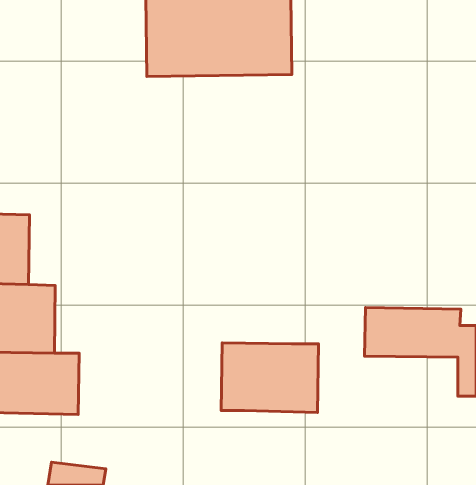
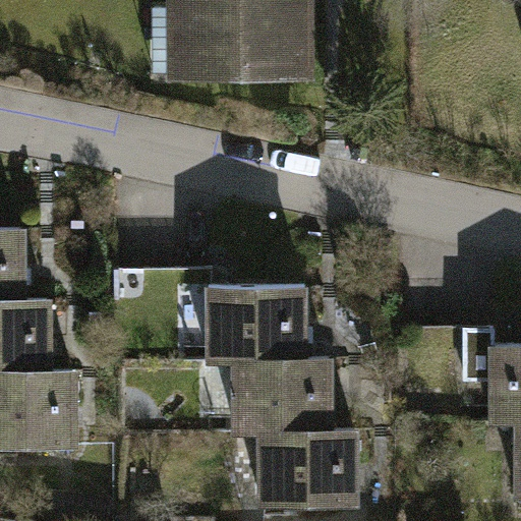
building: none -> [112,270,312,366]
building: none -> [259,438,365,504]

